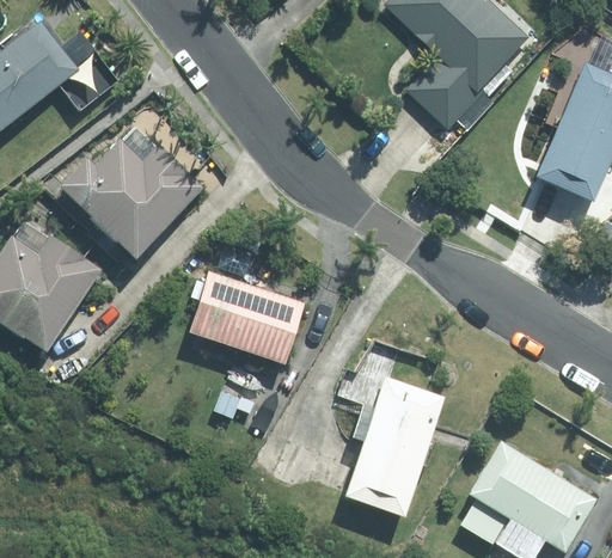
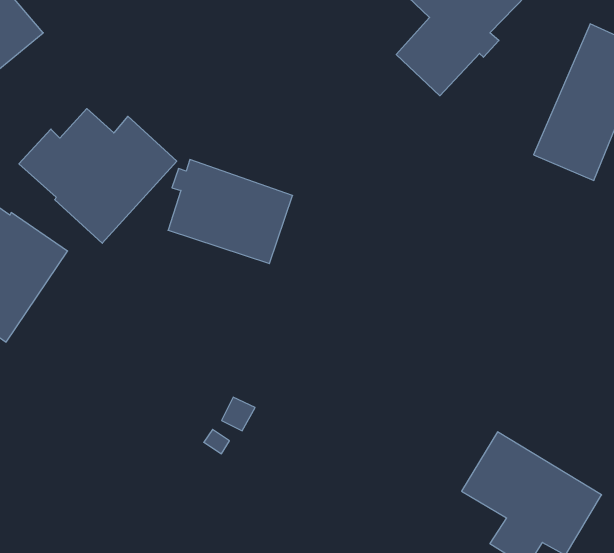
building: [188,269,304,366] -> [168,160,293,264]
building: [342,372,445,520] -> none

